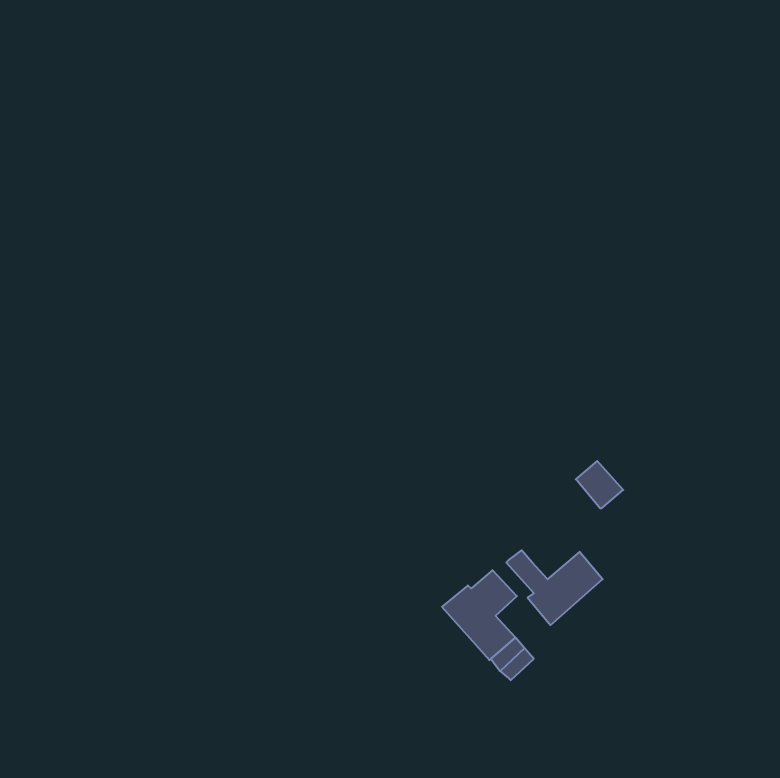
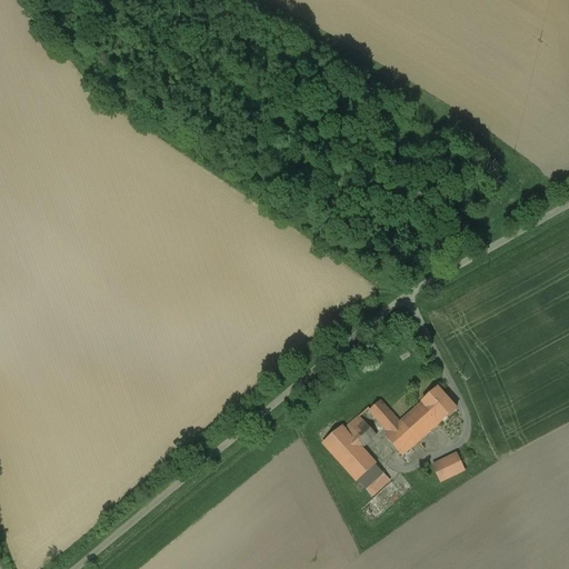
building: [576,461,623,508] -> [420,387,455,421]
building: none -> [431,453,463,480]

